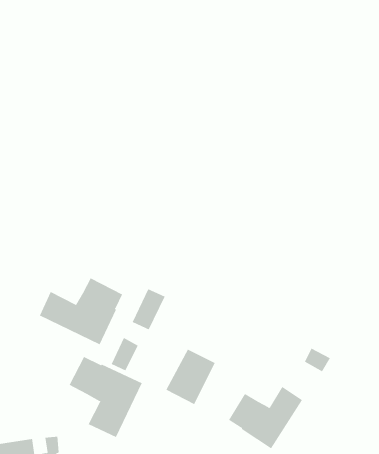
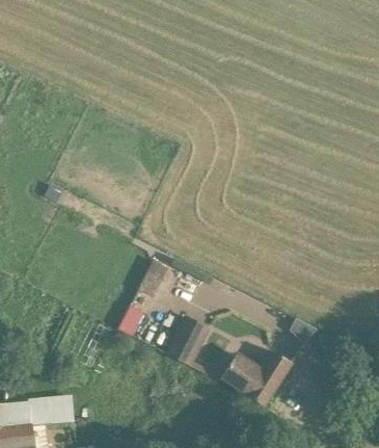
building: [39,278,123,345] -> none
building: [69,356,143,438] -> none

